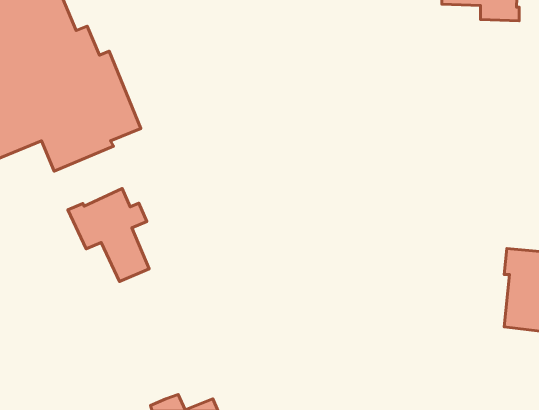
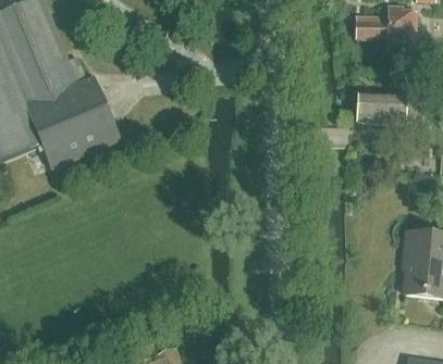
building: none -> [356,90,424,124]
building: [68,188,149,281] -> none

